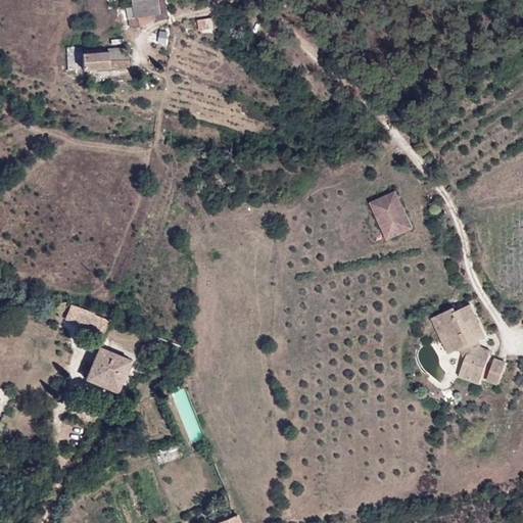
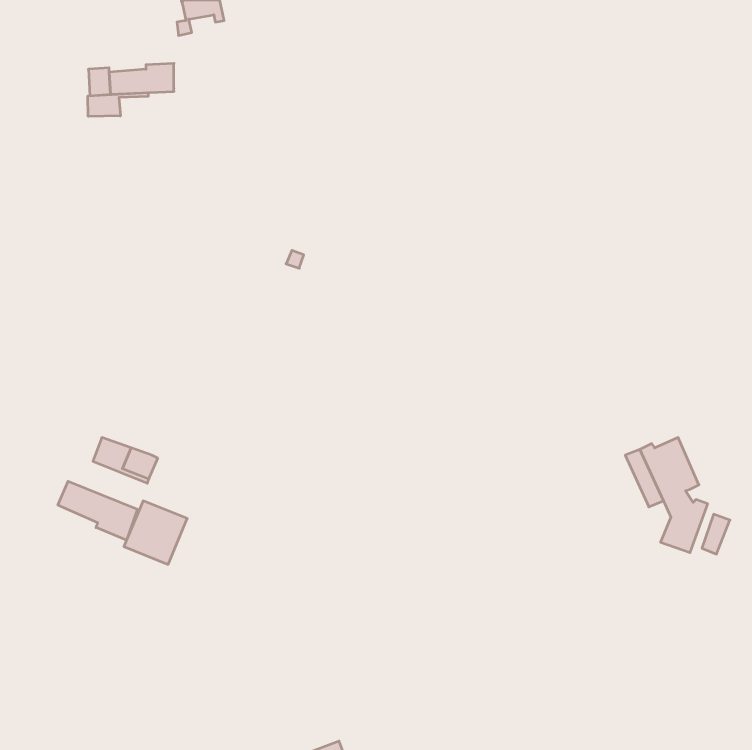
building: none -> [88,93,148,116]
building: [370,189,415,241] -> none
building: none -> [58,481,137,540]

